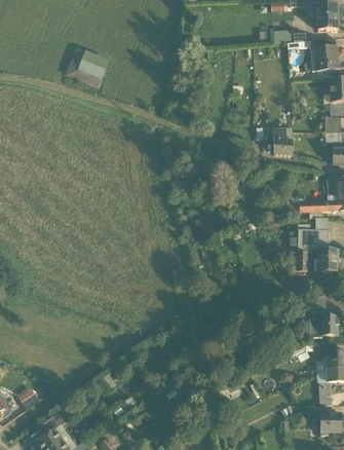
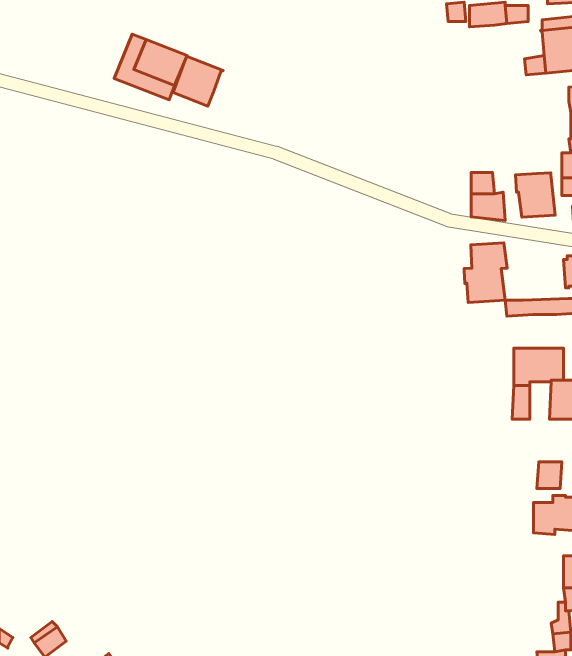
building: none -> [173,56,223,106]
building: none -> [515,173,555,217]
building: none -> [464,243,507,302]

